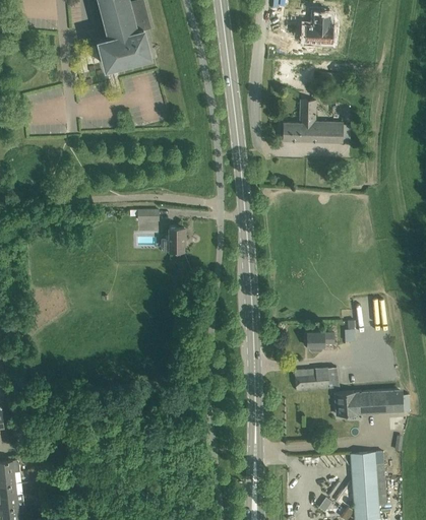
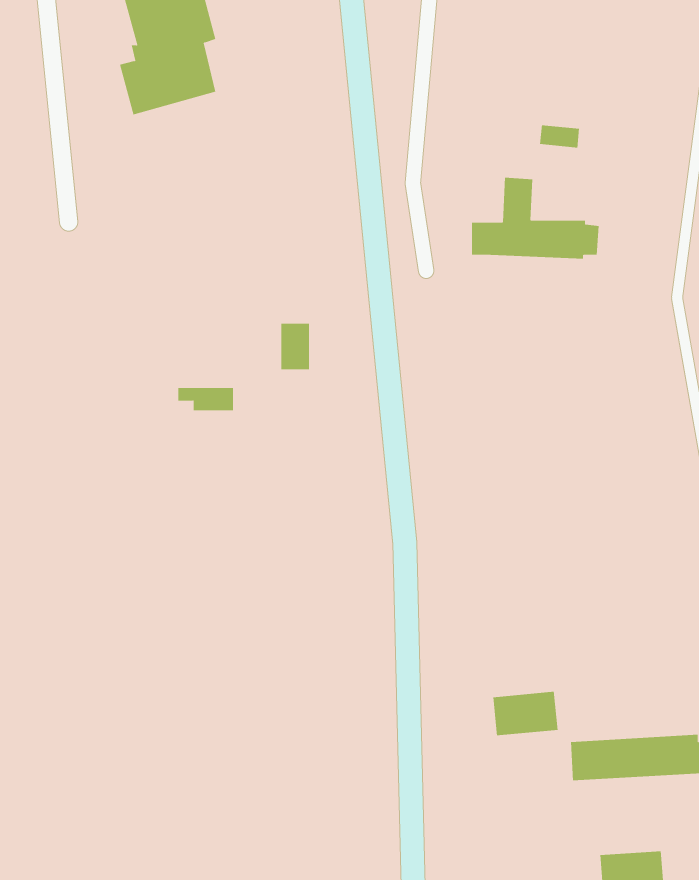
building: [303,14,332,44] -> none
building: [168,229,183,253] -> [281,323,310,370]
building: [306,334,333,352] -> none

